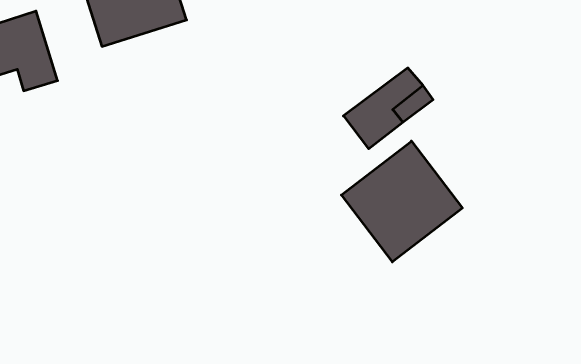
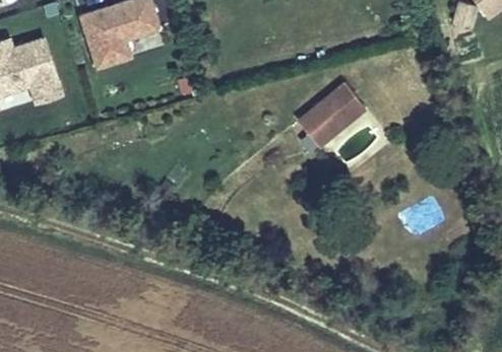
building: [341,141,462,262] -> none

